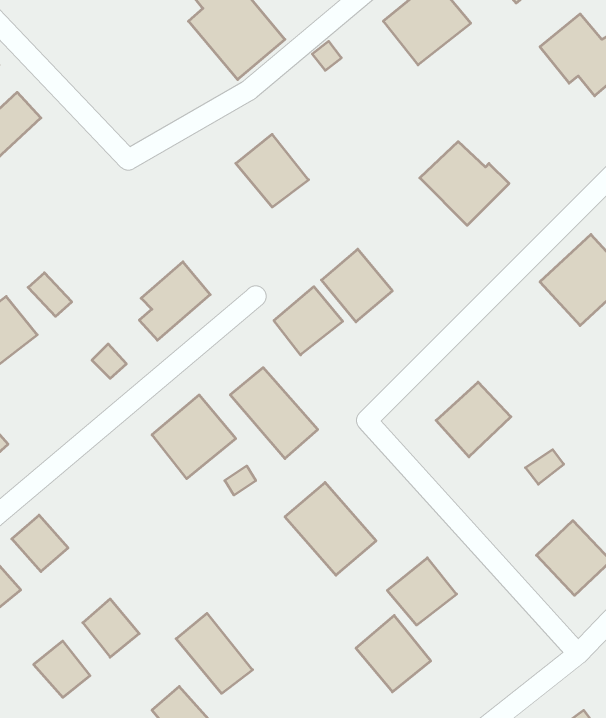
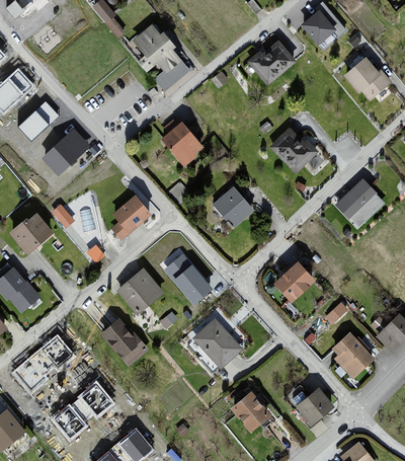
building: none -> [40,127,88,174]
building: [274,287,343,355] -> none
building: [387,558,457,625] -> [298,387,336,425]
building: [176,613,253,693] -> [102,318,145,363]

